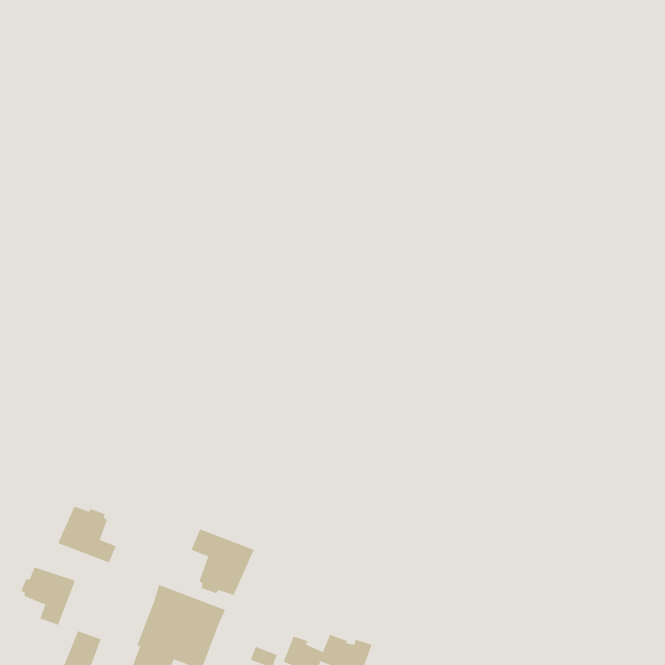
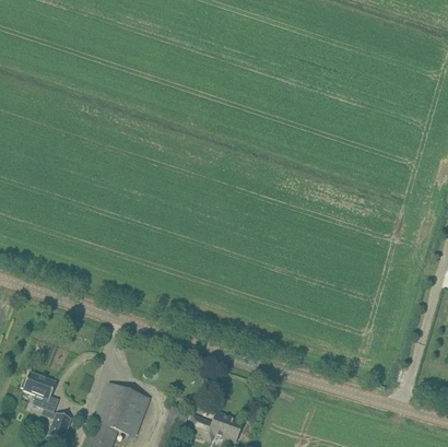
building: [57,506,116,563] -> none
building: [191,529,254,596] -> none

